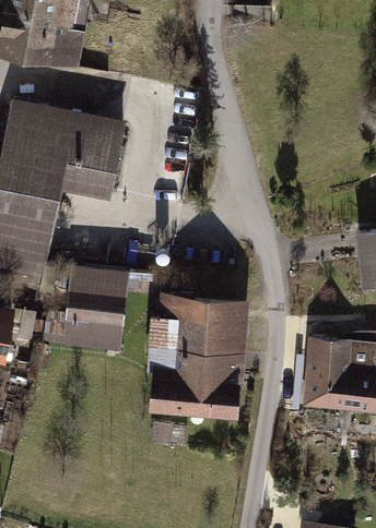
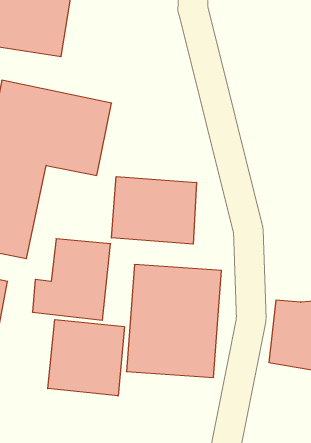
building: none -> [112,177,197,244]
building: none -> [48,320,124,396]

